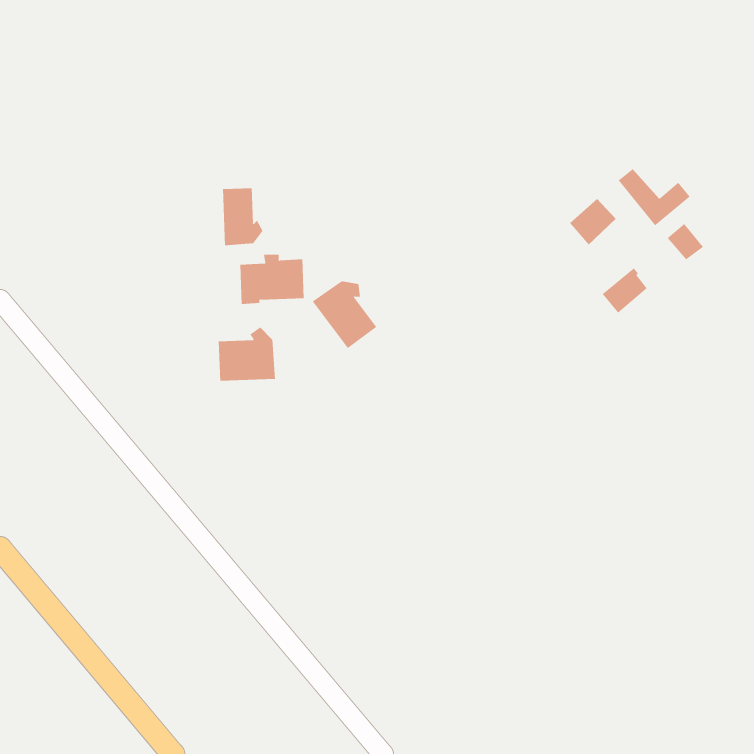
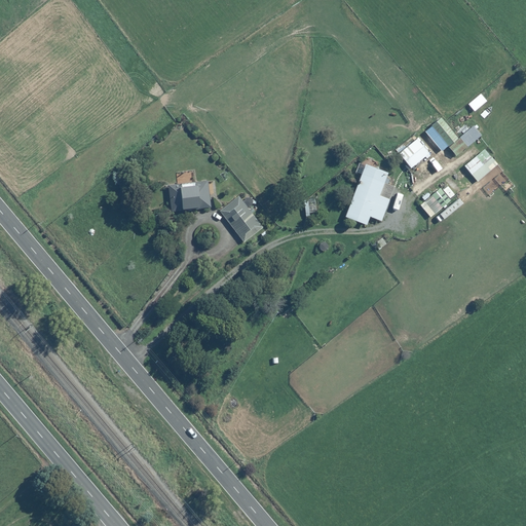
building: [222,187,263,246] -> none
building: none -> [345,162,394,225]
building: [218,326,276,382] -> none

